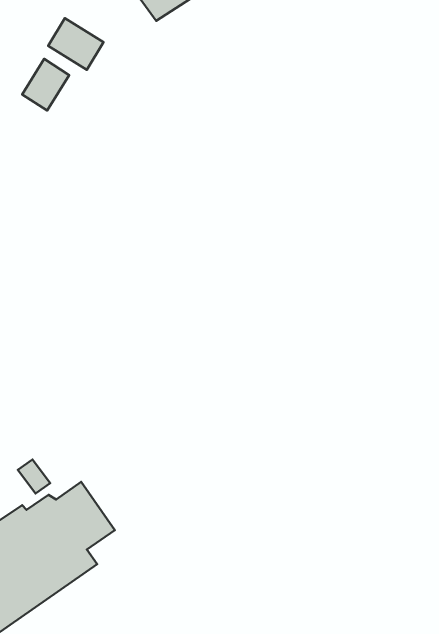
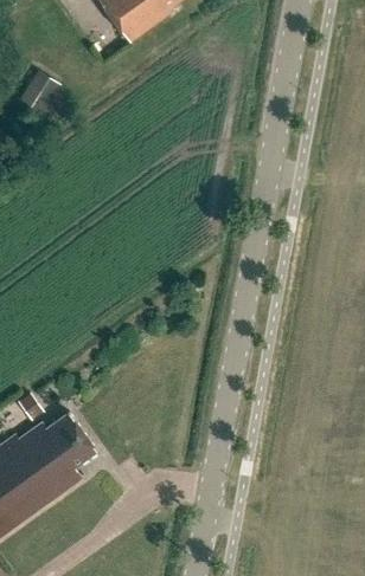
building: [48,18,103,70] -> none

